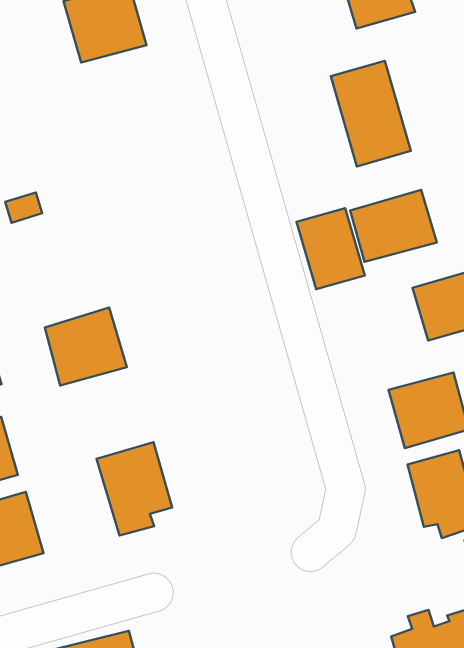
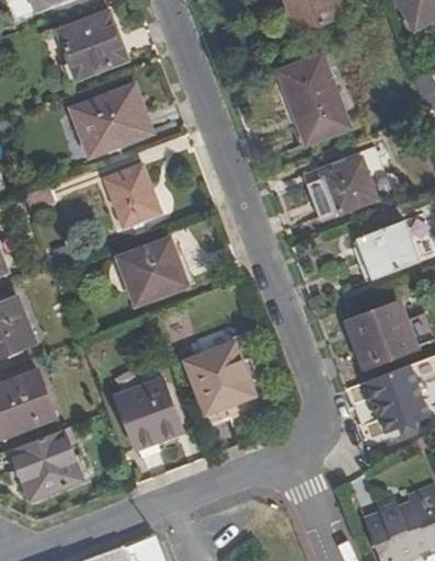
building: none -> [72,84,146,156]
building: none -> [105,165,159,225]
building: [296,208,365,289] -> none
building: [45,307,127,386] -> [118,237,187,304]
building: none -> [185,344,253,422]

